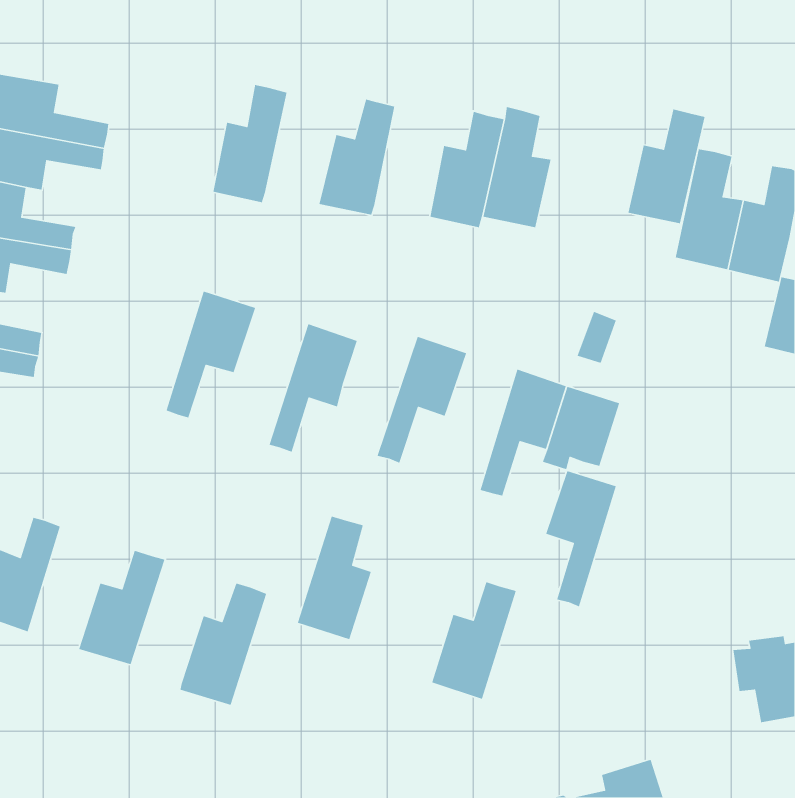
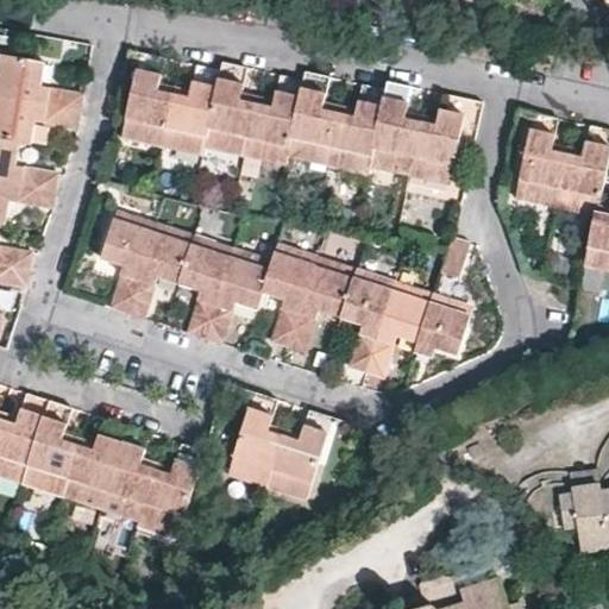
building: none -> [120,52,172,146]
building: none -> [202,62,256,156]
building: none -> [285,71,338,165]
building: [627,109,706,224] -> [408,94,467,182]
building: none -> [100,208,155,313]
building: none -> [178,234,234,339]
building: none -> [262,243,318,347]
building: [545,470,617,607] -> [339,269,394,373]
building: none -> [21,401,76,495]
building: none -> [100,426,155,520]
building: [431,581,517,700] -> [266,410,332,501]

